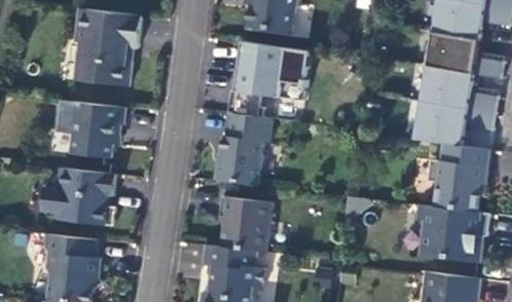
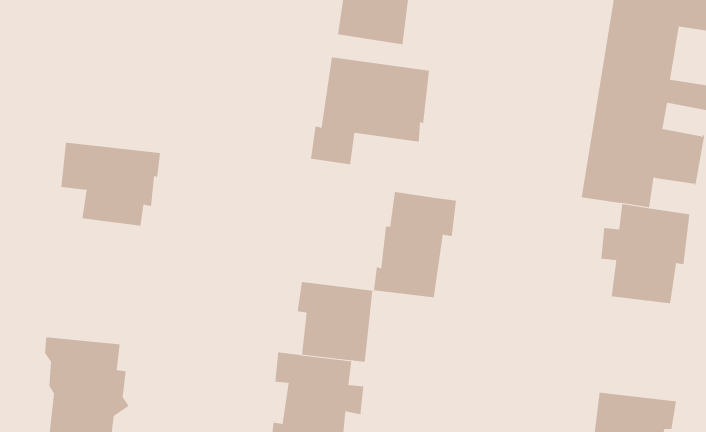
building: [75,8,141,86] -> none
building: [213,112,270,185] -> [373,192,457,298]
building: [41,167,115,226] -> none
building: [415,204,489,263] -> none

